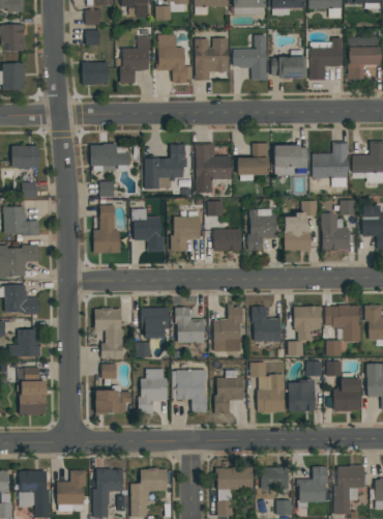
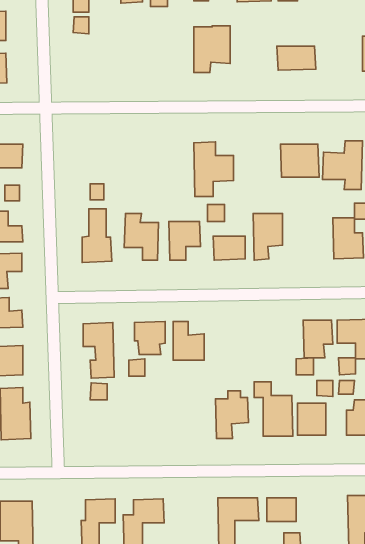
building: [158,33,192,83] -> none
building: [232,34,267,80] -> none
building: [121,36,149,83] -> none
building: [308,37,343,80] -> none
building: [82,61,109,84] -> none
building: [237,142,268,175] -> none
building: [90,143,129,168] -> none
building: [144,144,186,189] -> none
building: [284,200,317,251] -> none
building: [213,305,242,351] -> none
building: [252,306,281,341] -> none
building: [139,369,166,413] -> none
building: [172,369,206,411] -> none
building: [94,390,128,412] -> none
building: [298,466,327,501] -> none
building: [57,469,85,503] -> none

